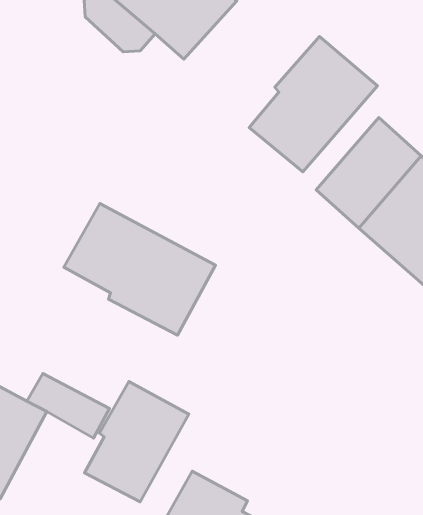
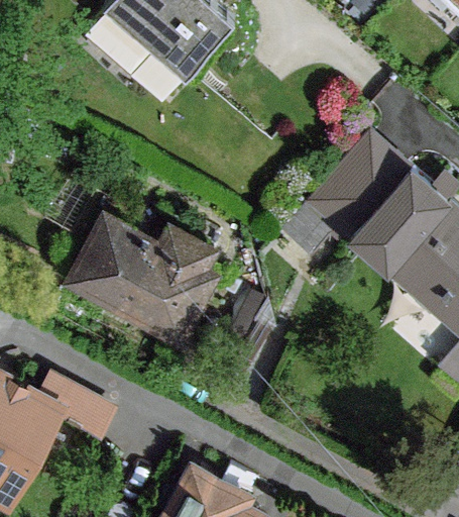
building: [249,37,377,172] -> none
building: [85,381,189,502] -> none

